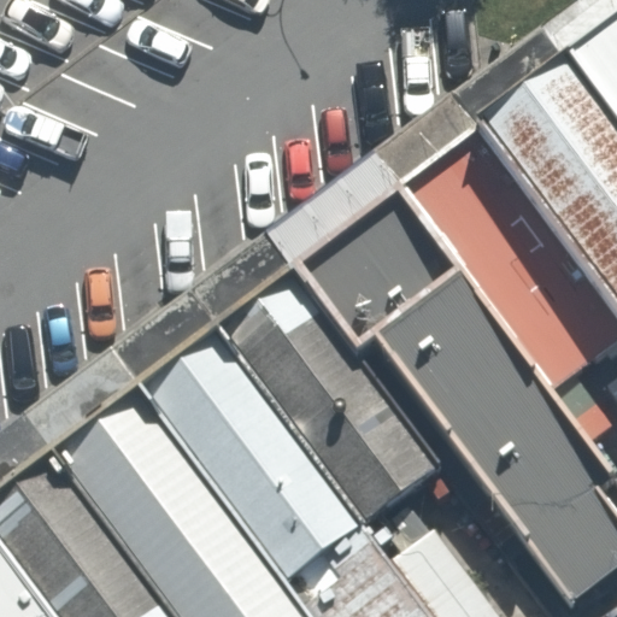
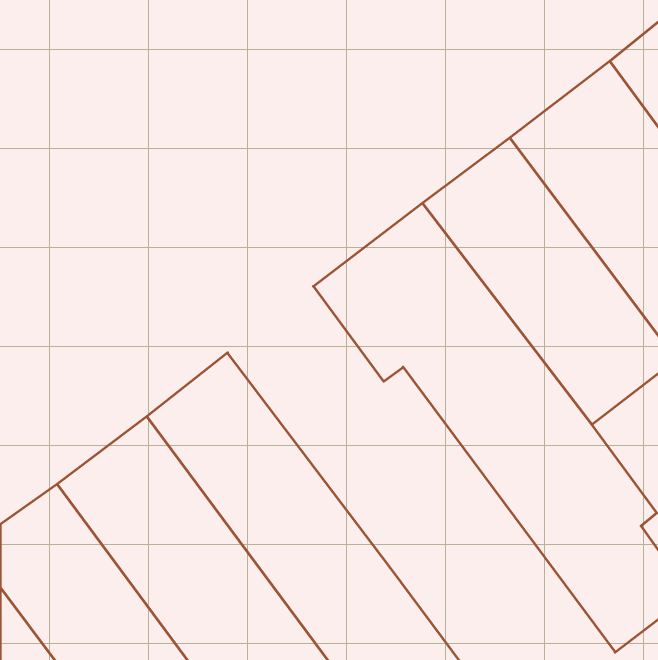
building: [217,270,448,530] -> none

